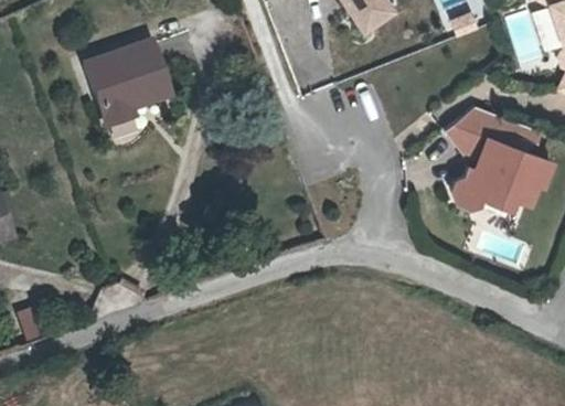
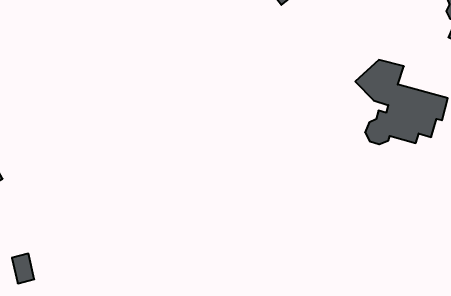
building: [92,44,174,124] -> none

